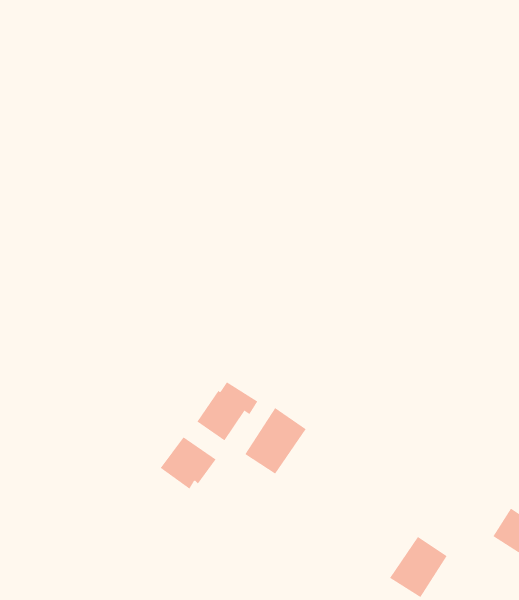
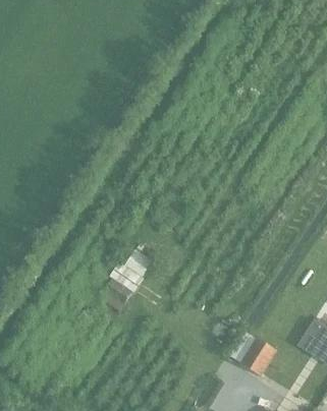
building: [245,407,306,475] -> none

